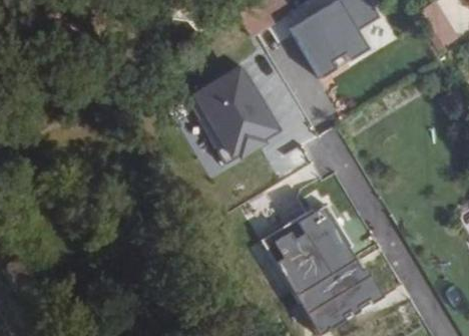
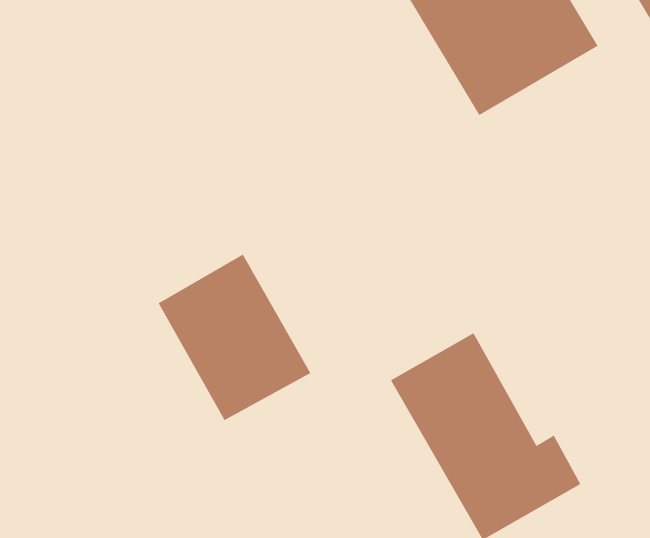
building: [191,60,282,158] -> [158,254,311,421]

